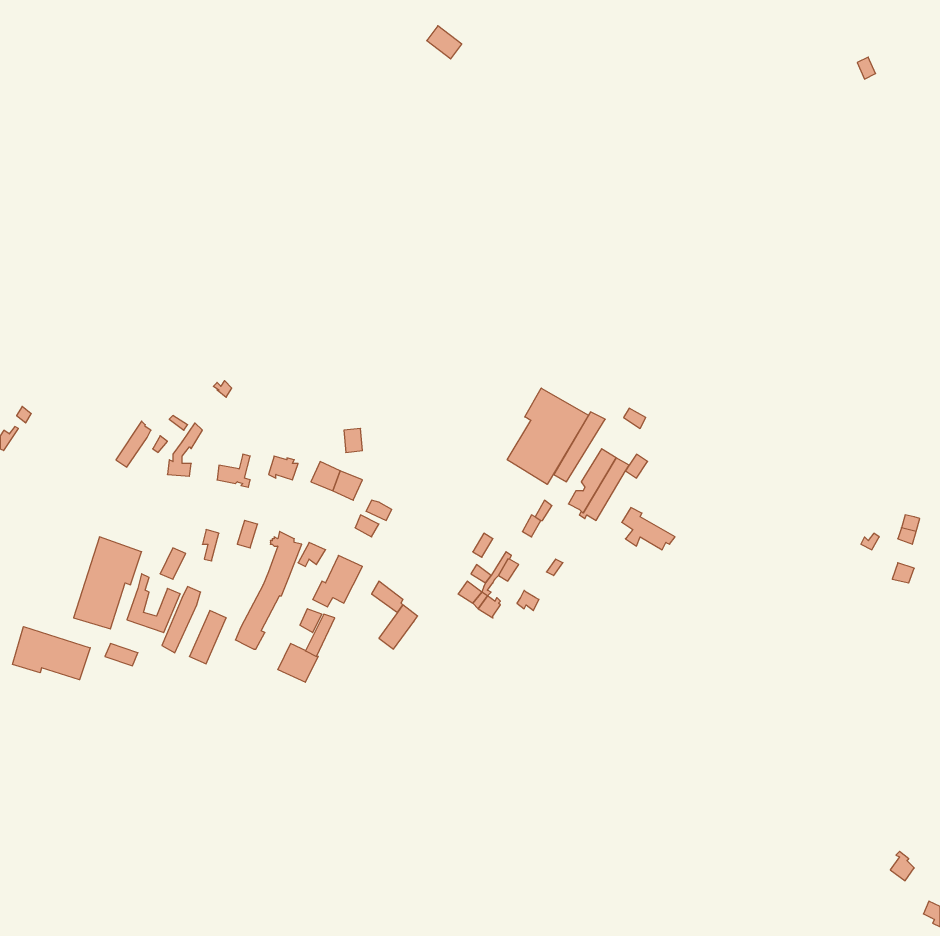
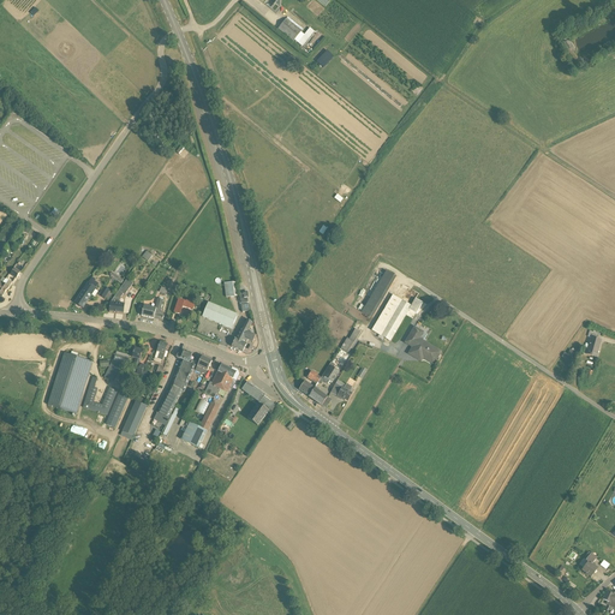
building: [507,388,589,484] -> none
building: [13,627,90,680] -> none

